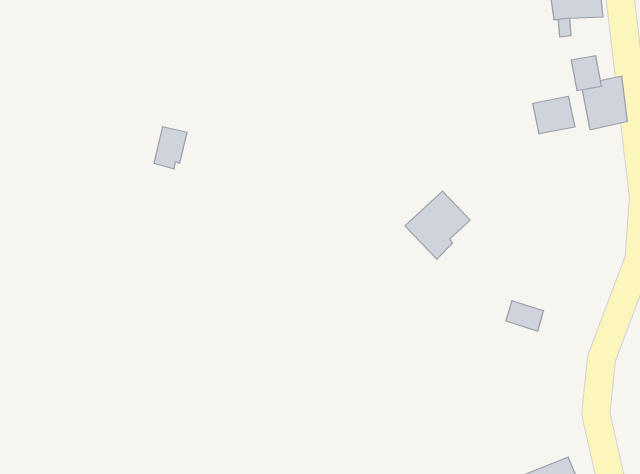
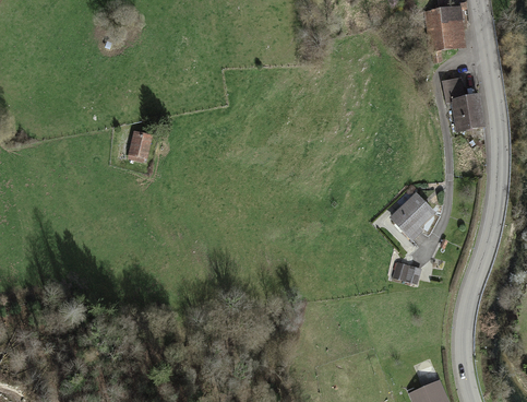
building: [533,96,575,134] -> none
building: [405,191,470,259] -> [387,190,436,241]

